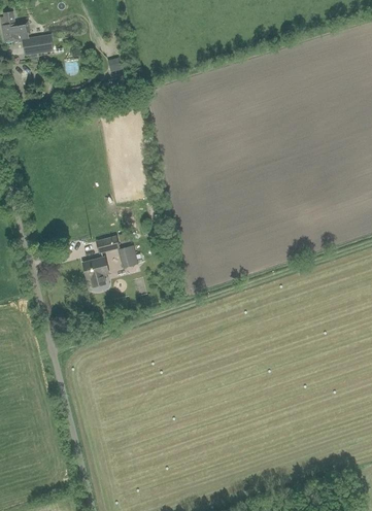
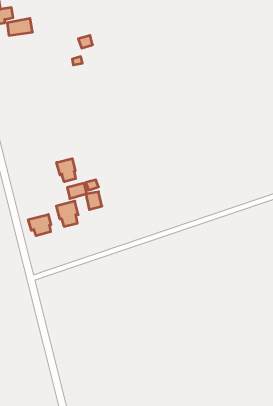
building: none -> [57,159,76,182]
building: none -> [28,214,51,236]

